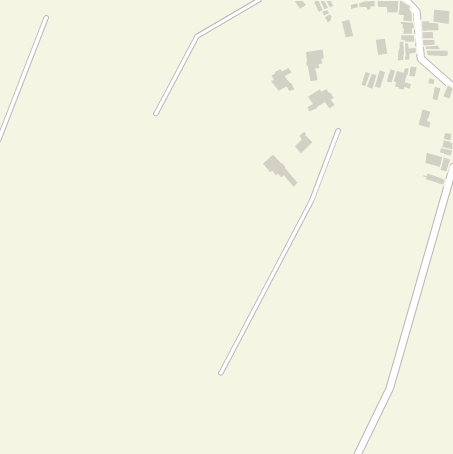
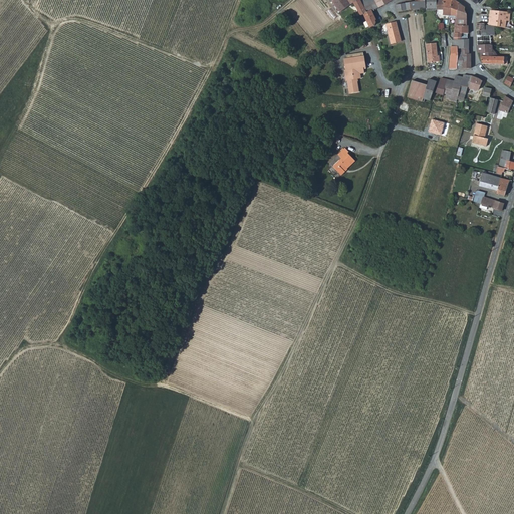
building: [270,67,295,92] -> none
building: [307,88,336,113] -> none
building: [262,154,299,188] -> none

